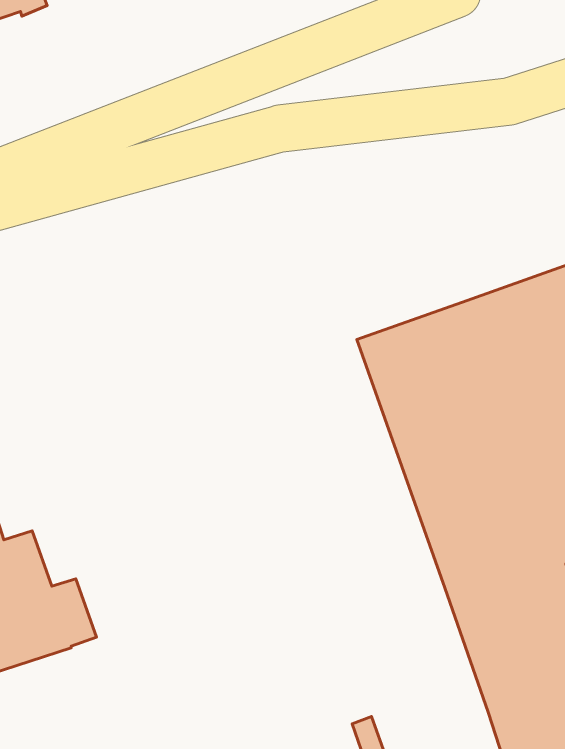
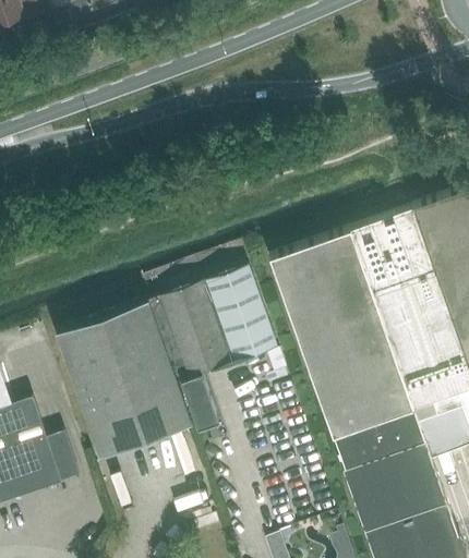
building: none -> [152,267,276,432]
building: none -> [55,302,191,458]

